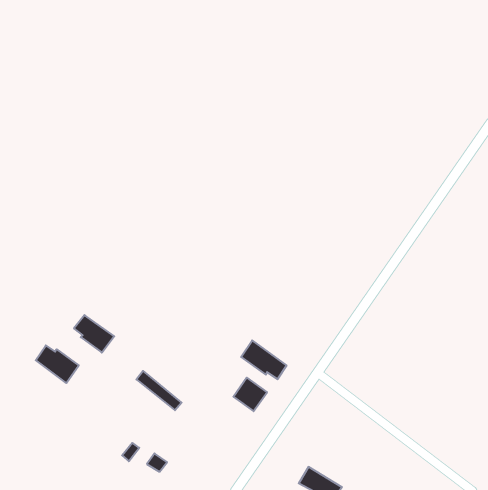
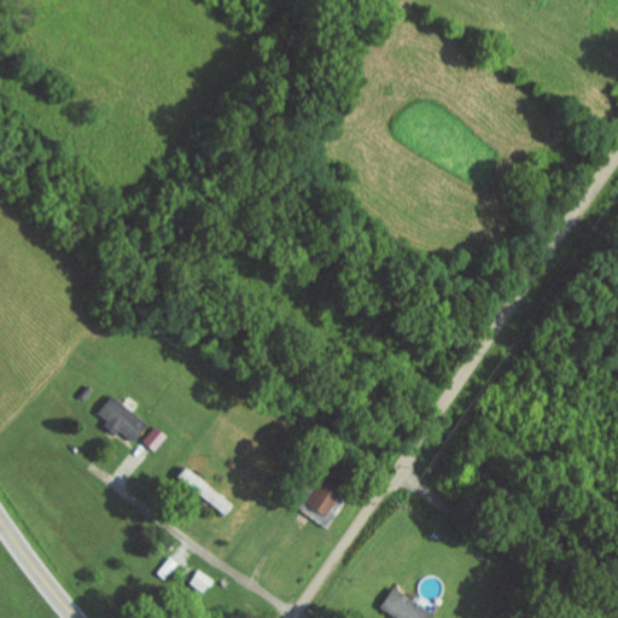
building: [241,340,286,379] -> none
building: [36,345,79,383] -> none

